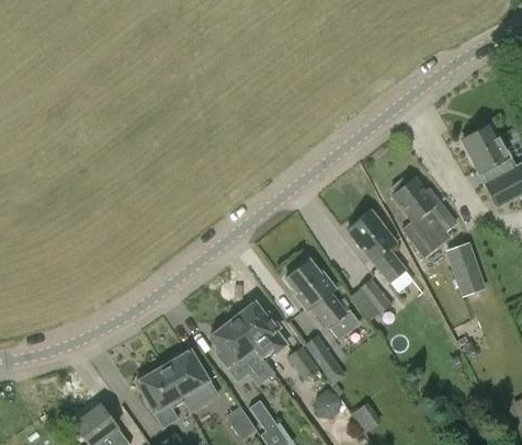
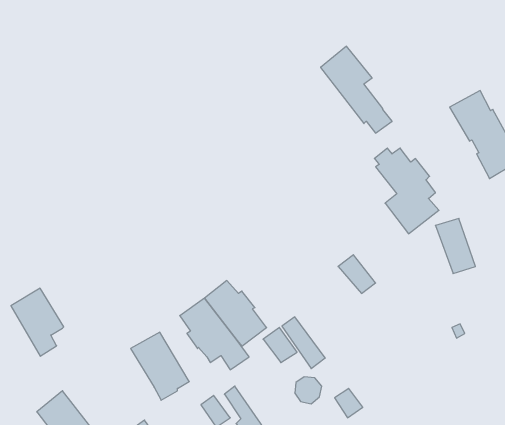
building: [347,210,413,292] -> [321,46,392,133]
building: [285,259,360,340] -> none
building: [135,365,184,429] -> [11,288,64,356]

